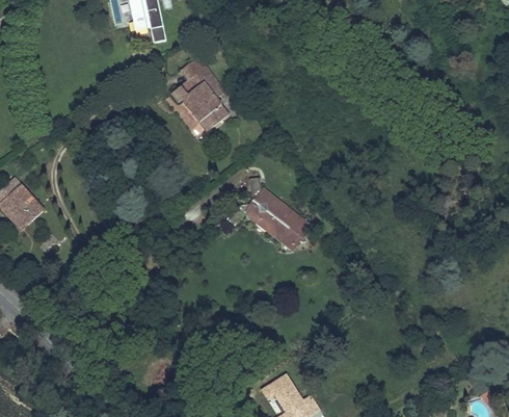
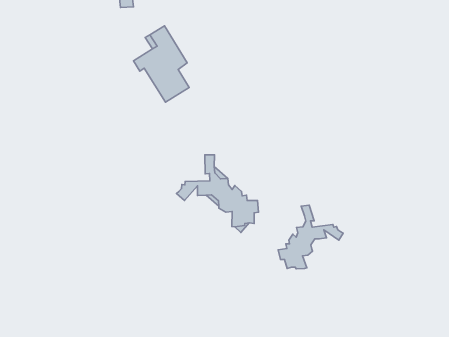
building: none -> [278,205,343,269]

